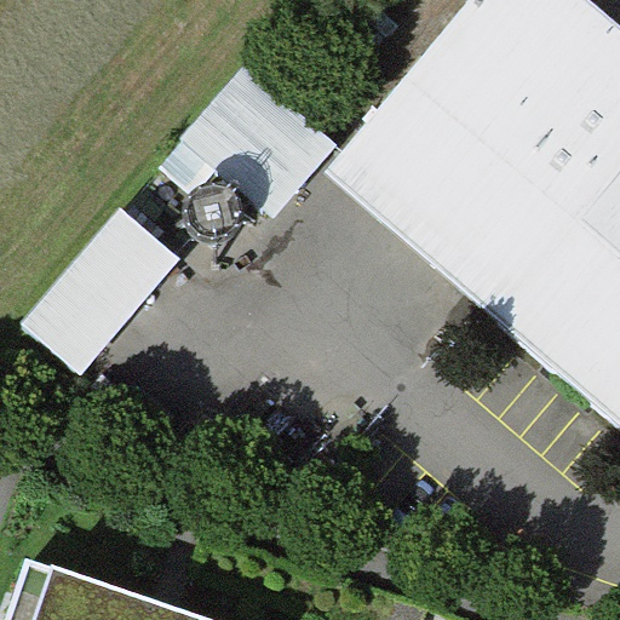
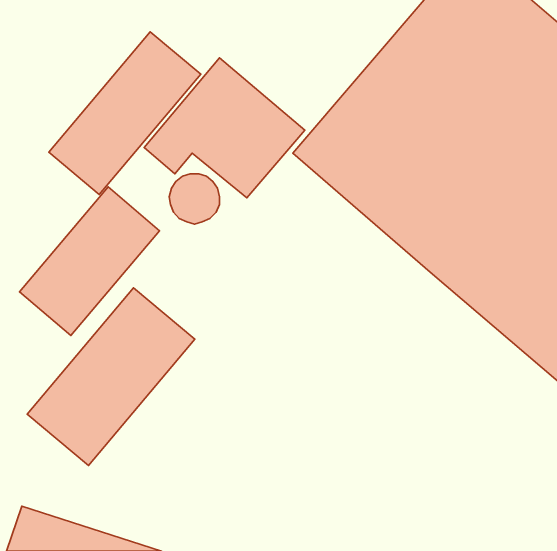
building: none -> [49,32,201,194]
building: none -> [27,288,195,465]

